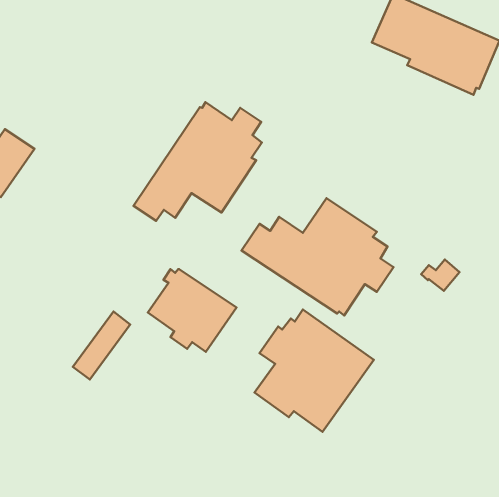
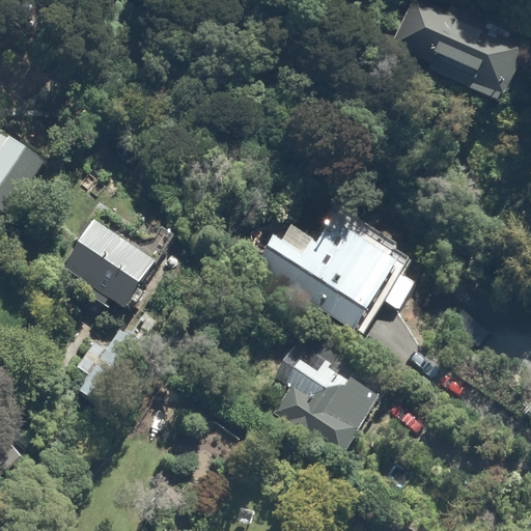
building: [134,102,262,221] -> none
building: [148,269,236,352] -> [62,220,156,307]

